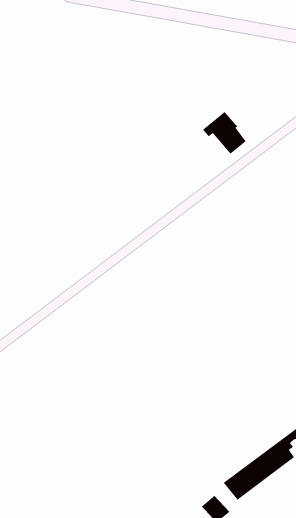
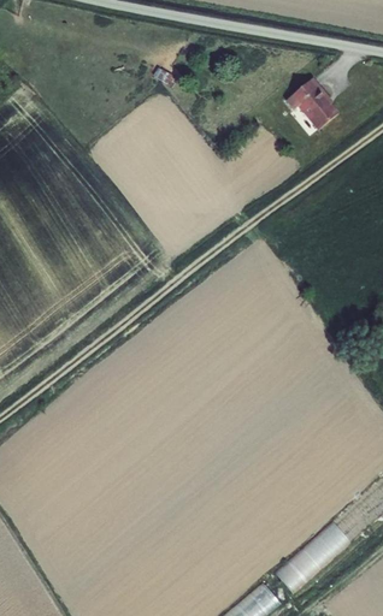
building: [202,111,247,155] -> [283,77,335,128]

